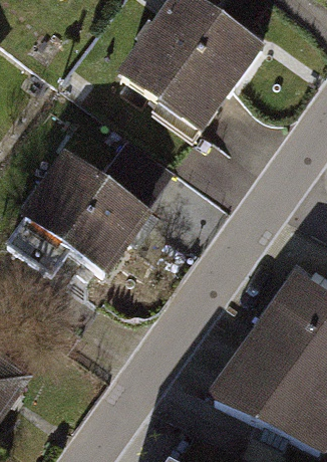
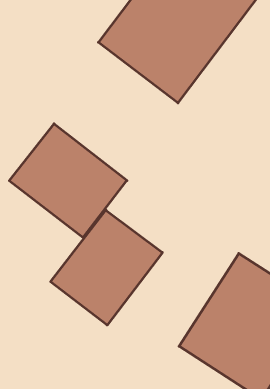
building: none -> [51,210,162,325]

